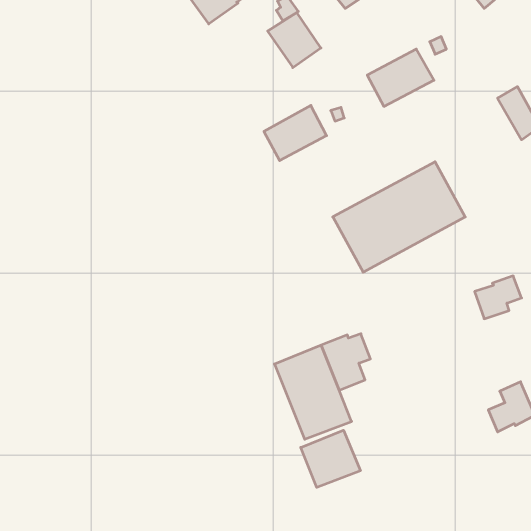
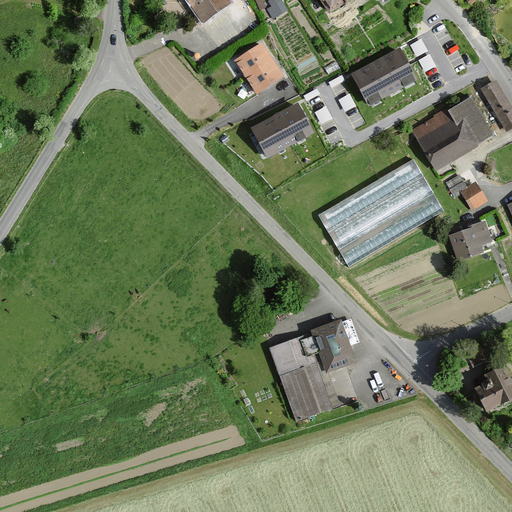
building: [268,12,321,68] -> [230,44,281,97]
building: none -> [418,96,495,166]
building: none -> [457,182,486,212]
building: [475,276,522,319] -> [446,221,491,262]
building: [301,430,360,487] -> none

